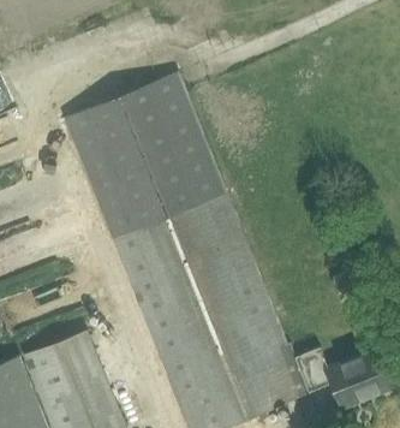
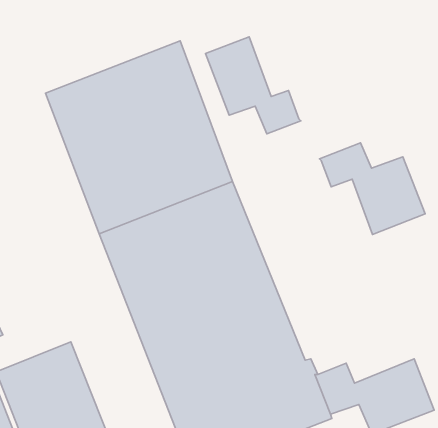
building: none -> [206,37,301,134]
building: none -> [319,143,425,234]

